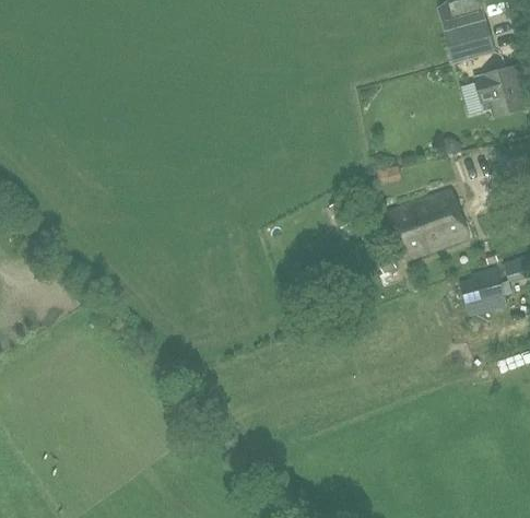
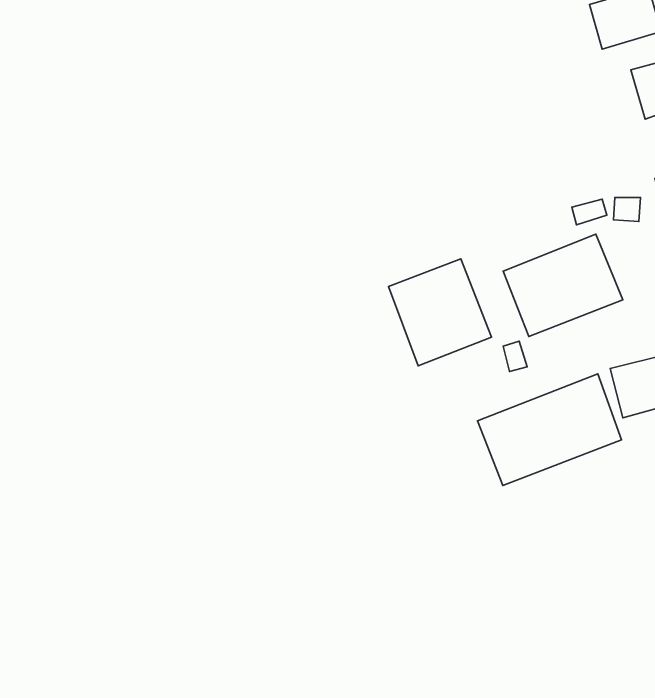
building: none -> [388,259,491,366]
building: none -> [478,374,621,486]

